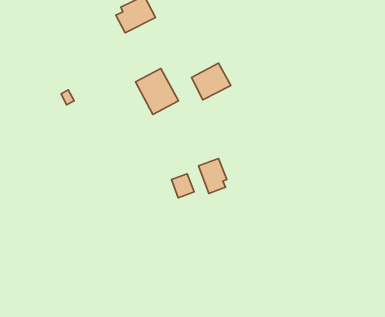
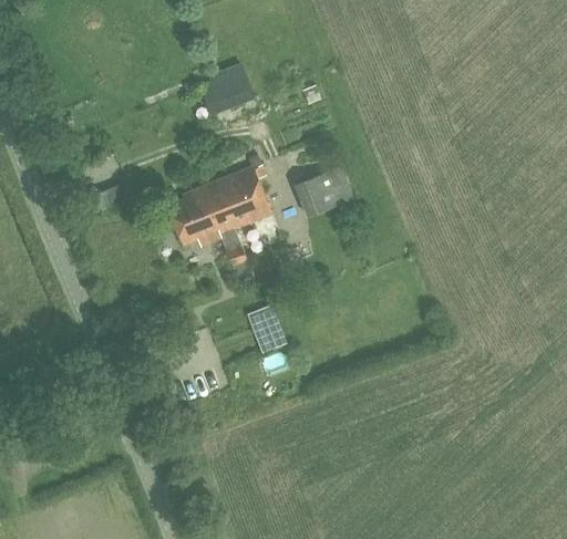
building: none -> [169,183,254,281]
building: [198,158,227,193] -> none

